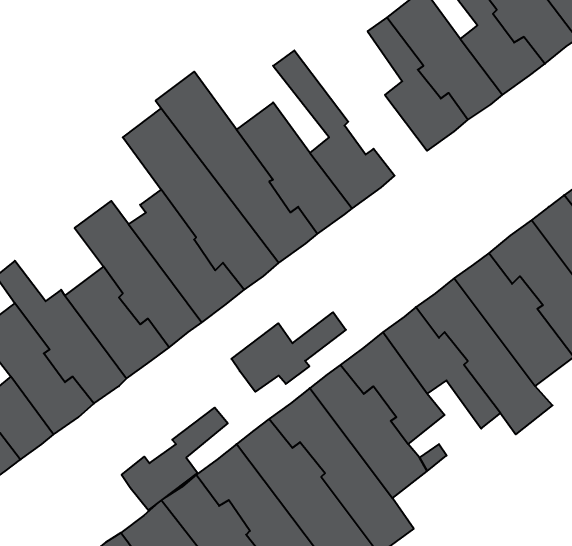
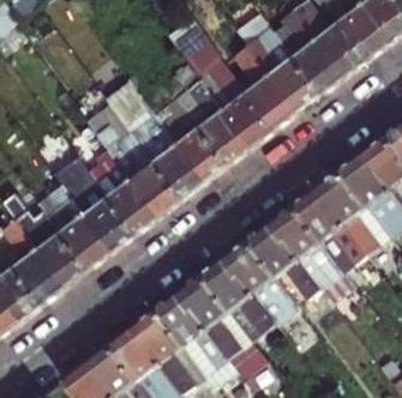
building: none -> [186,37,275,141]
building: [231,312,346,392] -> none
building: [122,408,228,510] -> none

